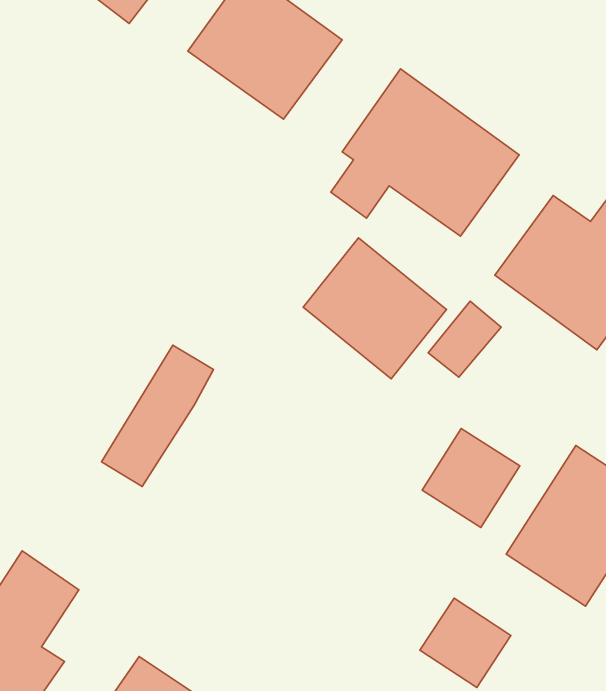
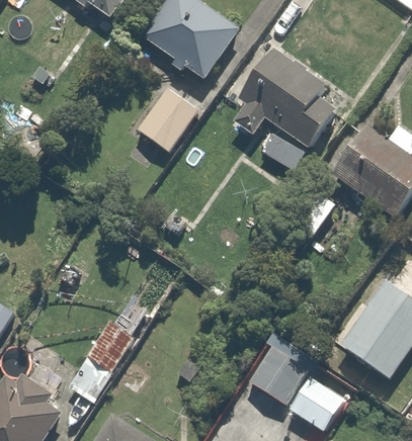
building: none -> [135,78,203,151]
building: [303,238,447,379] -> none
building: [102,345,214,486] -> [67,316,137,404]
building: [422,429,520,528] -> [246,344,307,406]

